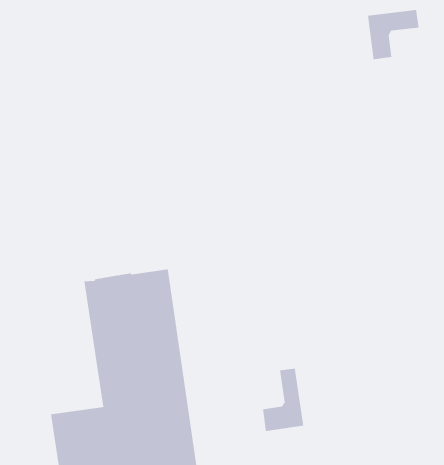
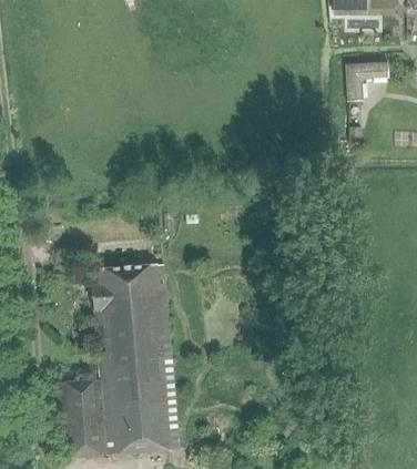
building: [262,368,304,432] -> none

